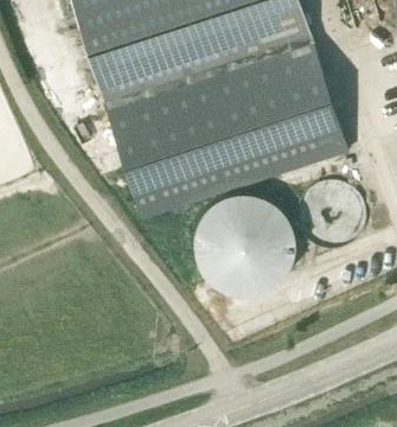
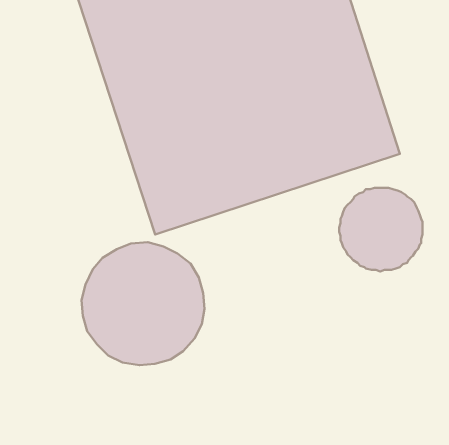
building: [191,192,294,295] -> [81,242,205,365]

